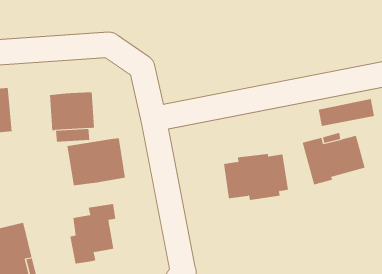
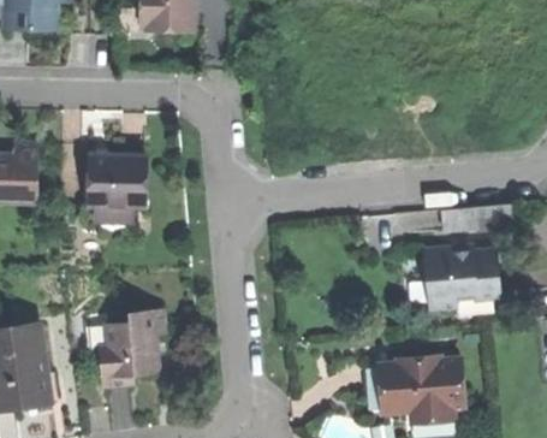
building: [67,137,125,186] -> none
building: [223,153,289,201] -> [380,356,464,416]

